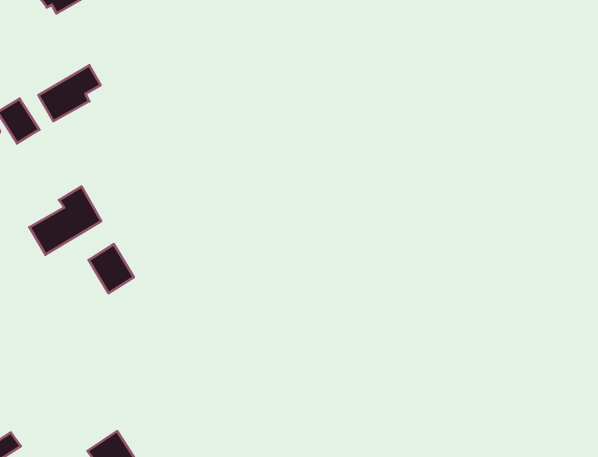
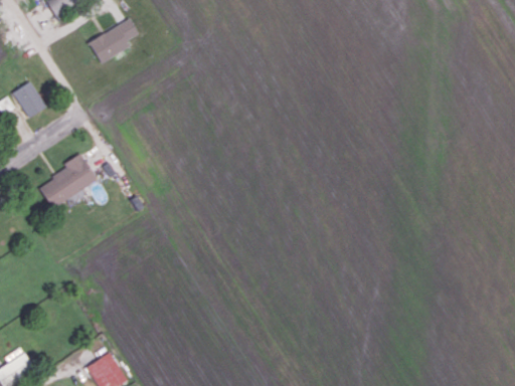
building: [39,65,100,121] -> [89,18,139,63]
building: [89,244,134,293] -> none

